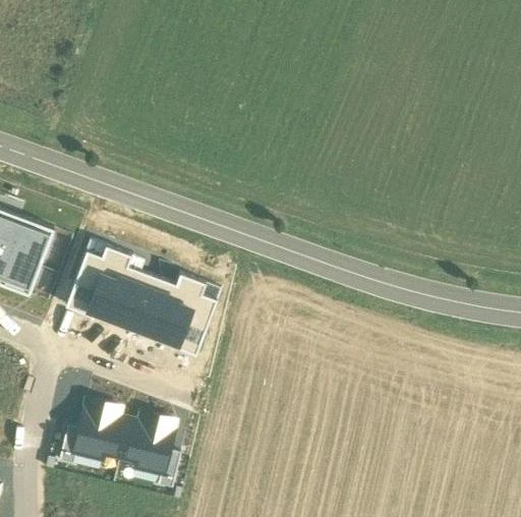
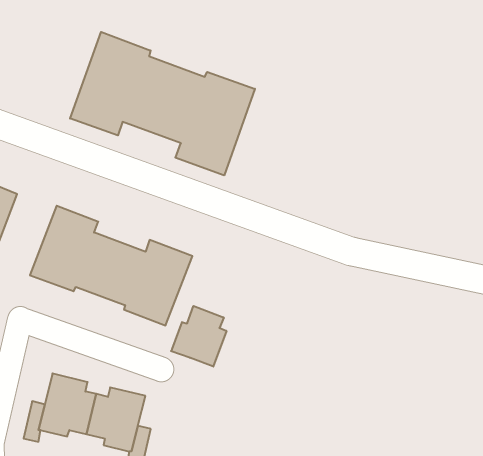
building: none -> [70,32,255,175]
building: none -> [171,306,226,367]

